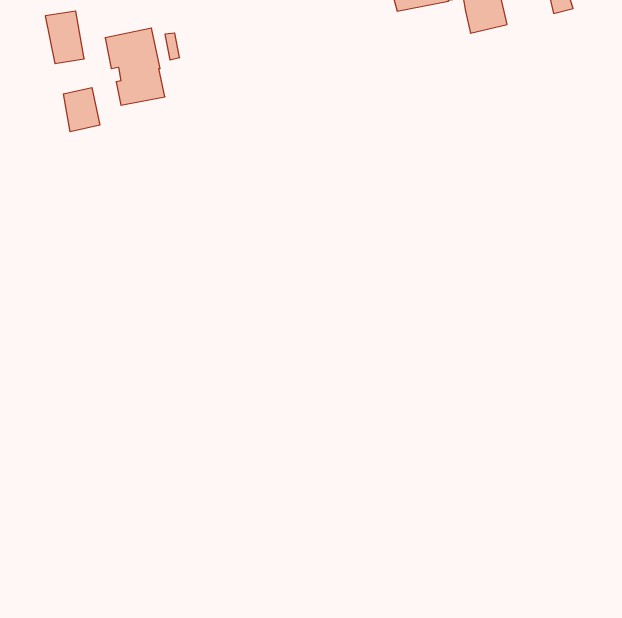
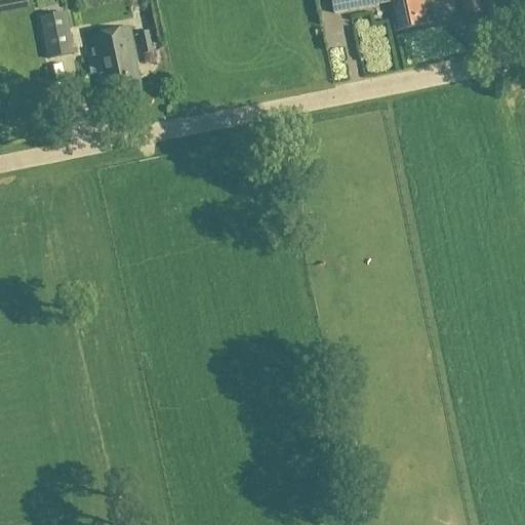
building: [63,88,100,132] -> none

